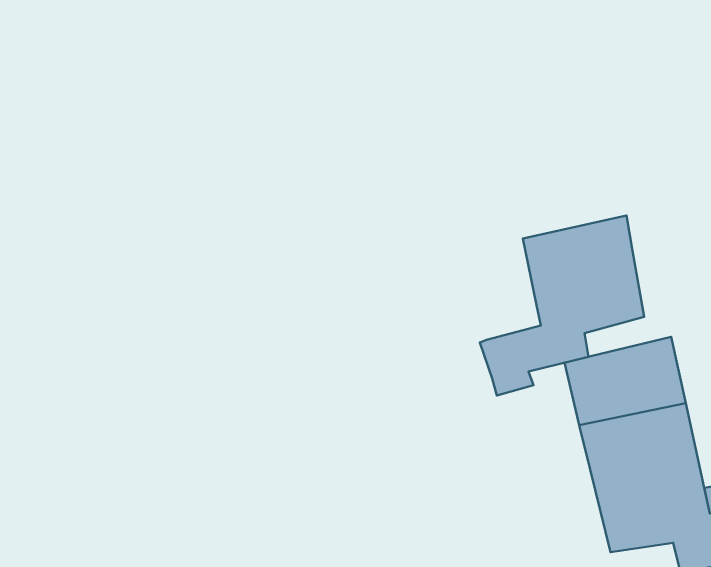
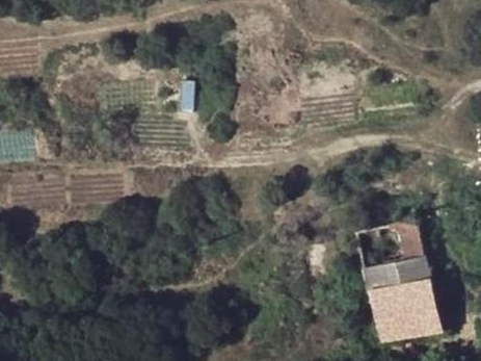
building: [480,216,644,395] -> none

